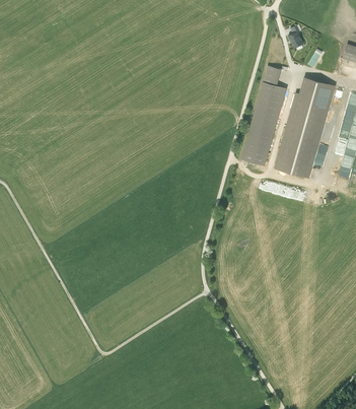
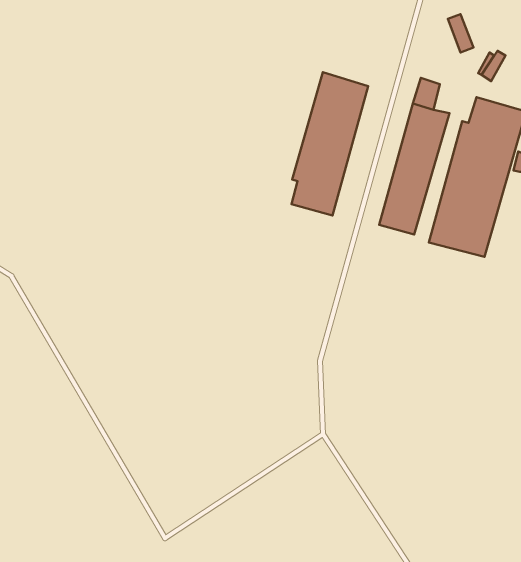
building: none -> [292,72,368,215]

